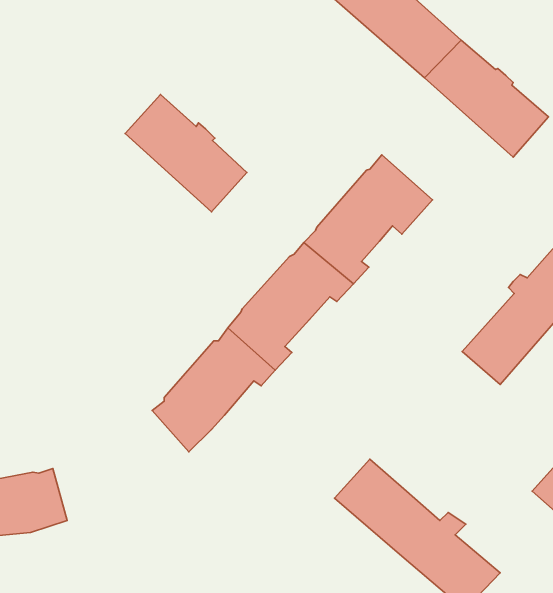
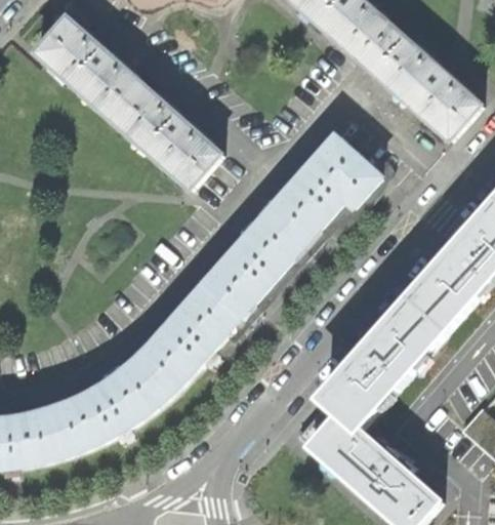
building: none -> [37,16,143,118]
building: none -> [323,307,438,428]
building: none -> [50,358,168,453]

